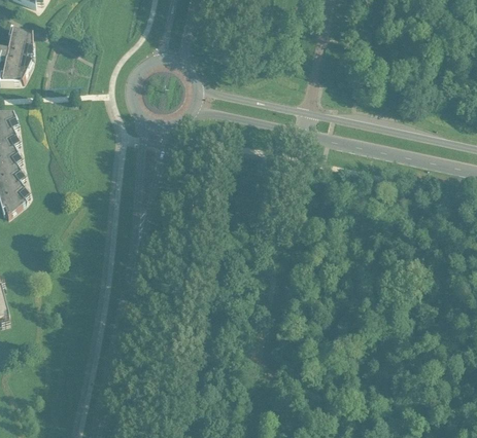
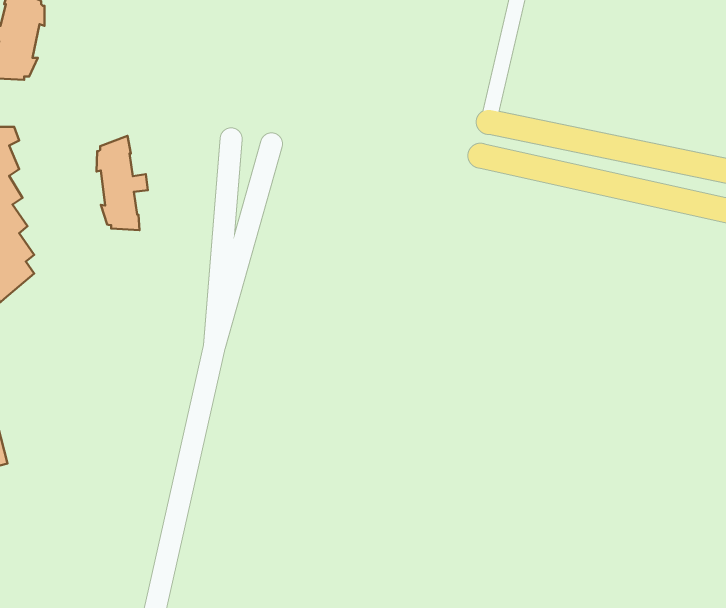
building: none -> [96,136,148,230]

